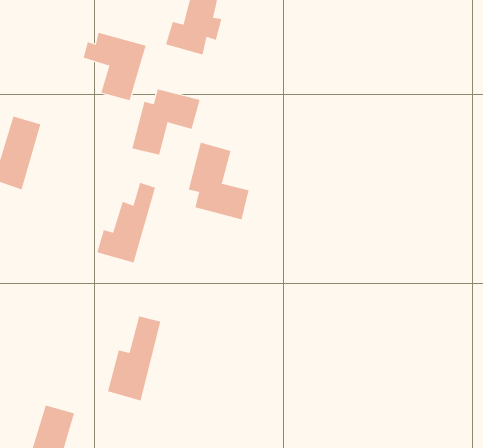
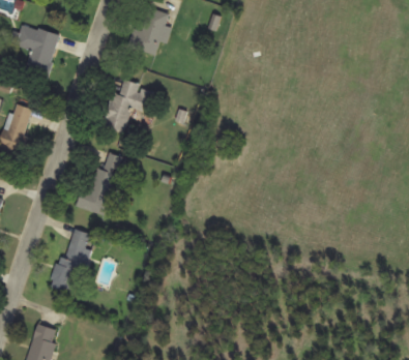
building: [83,32,146,101] -> [10,24,59,77]
building: [188,142,249,220] -> none
building: [107,316,161,401] -> [50,229,91,294]

